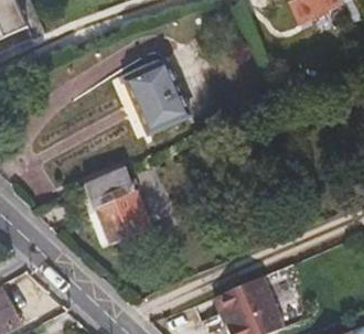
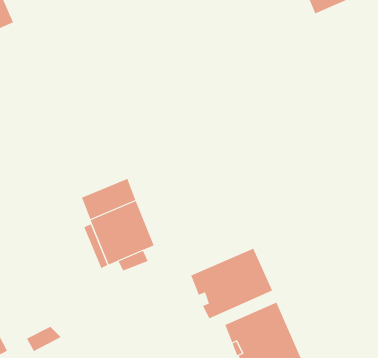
building: [126,61,190,131] -> none
building: none -> [191,248,273,319]

